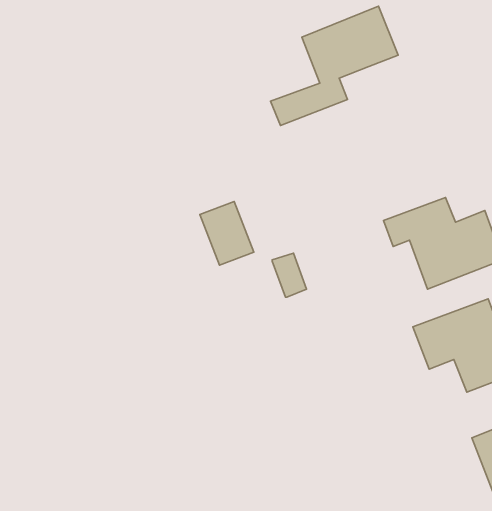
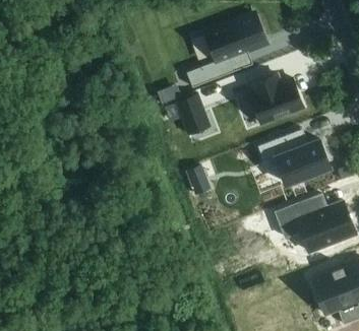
building: none -> [250,75,303,123]
building: [200,201,254,265] -> [176,93,210,133]

